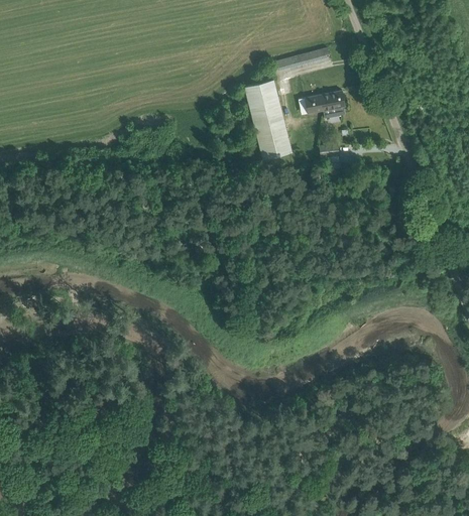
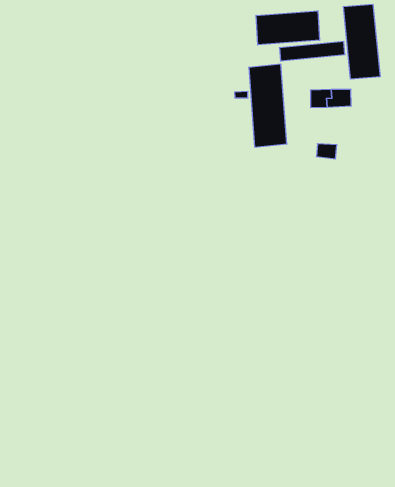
building: none -> [343,4,380,79]
building: none -> [256,11,320,45]

